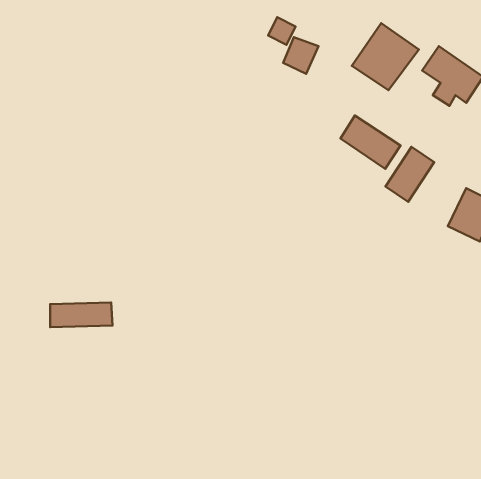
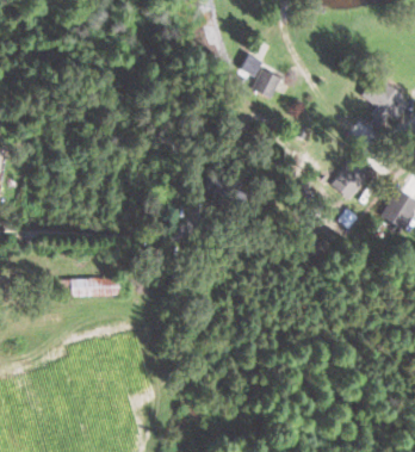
building: [352,23,419,90] -> none
building: [341,116,400,169] -> none

